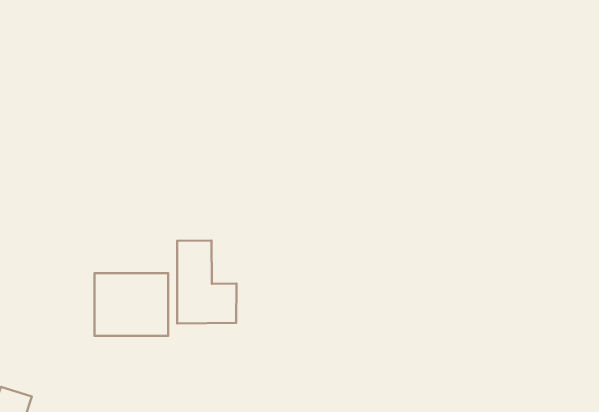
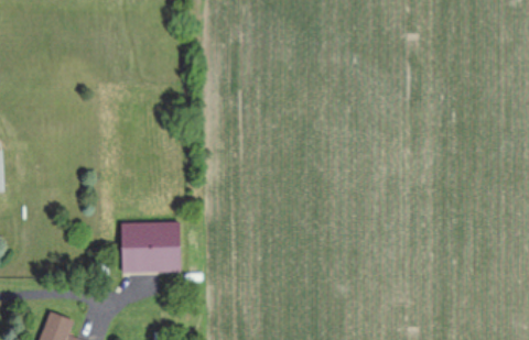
building: [177,241,236,323] -> none

